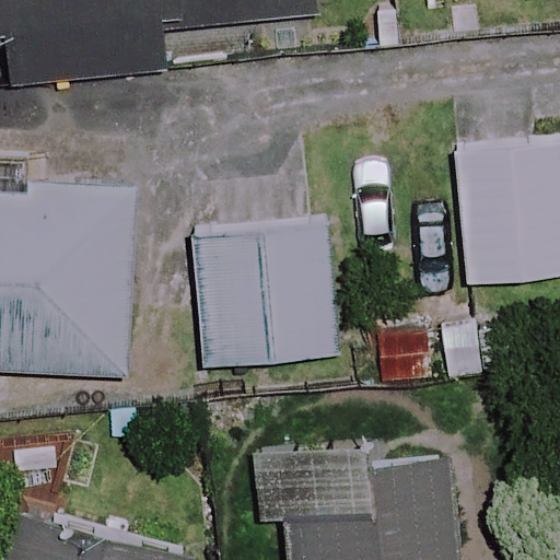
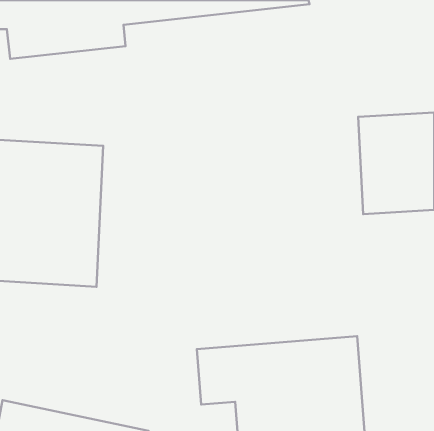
building: [199,225,337,365] -> none

